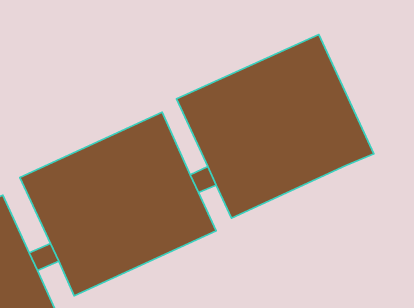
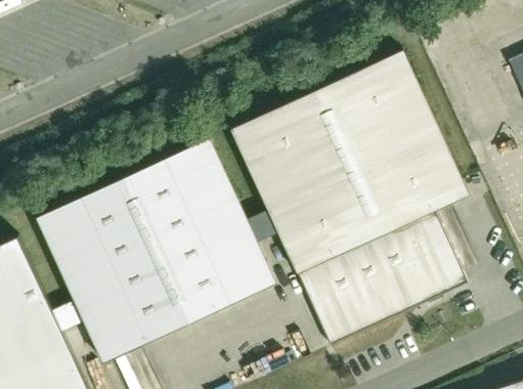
building: none -> [295,208,467,345]

